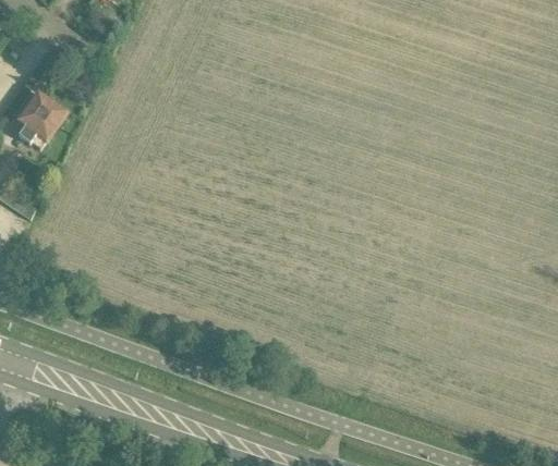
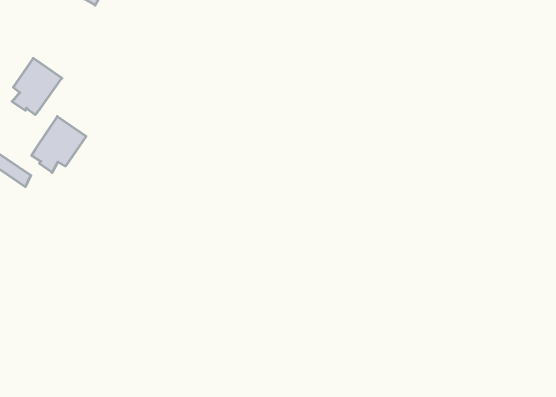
building: none -> [32,116,86,173]

